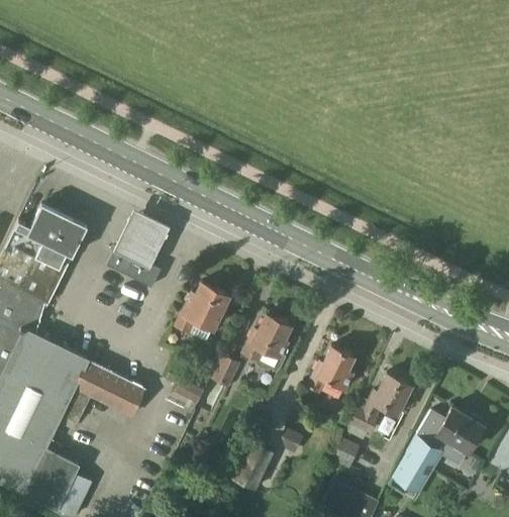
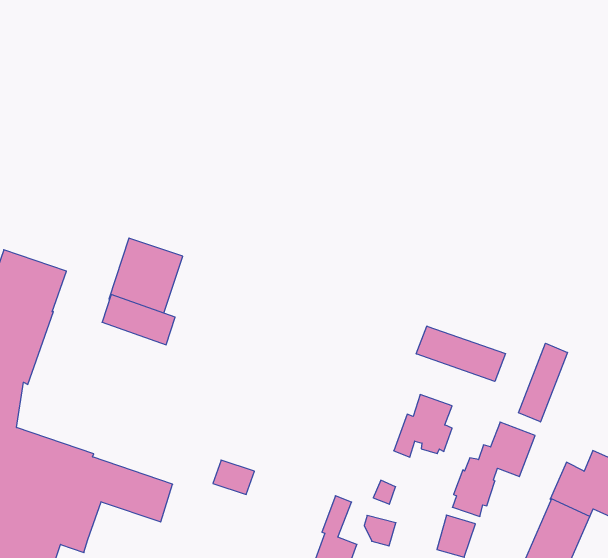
building: [175,283,228,342] -> none
building: none -> [416,326,505,381]
building: [240,315,290,369] -> none
building: none -> [519,343,567,422]
building: [209,354,239,388] -> none

